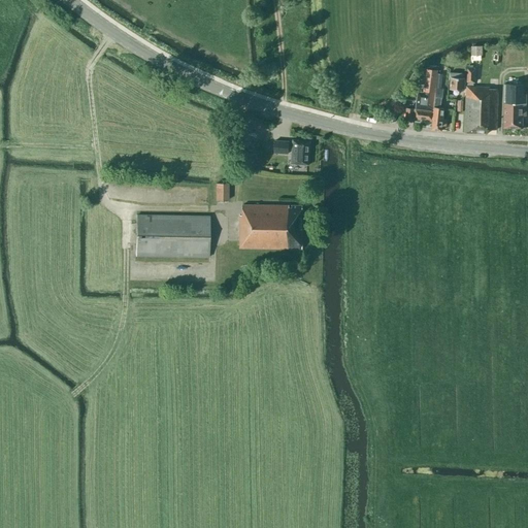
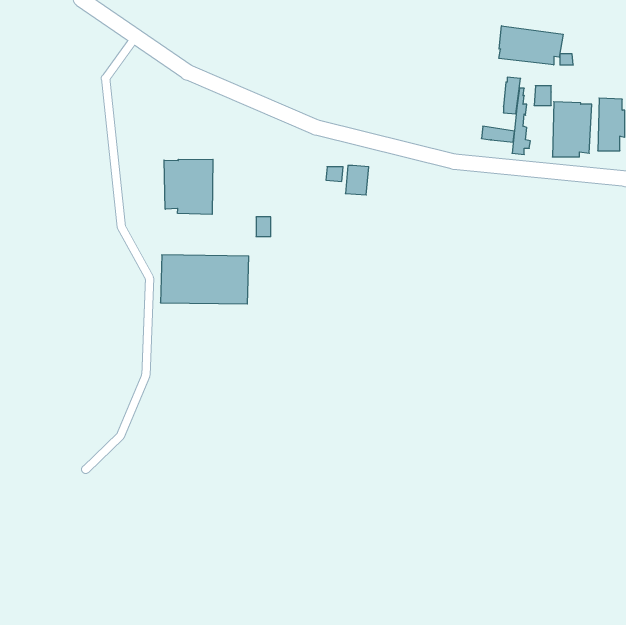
building: none -> [499,26,563,65]
building: none -> [164,159,213,214]
building: [239,204,302,248] -> none

